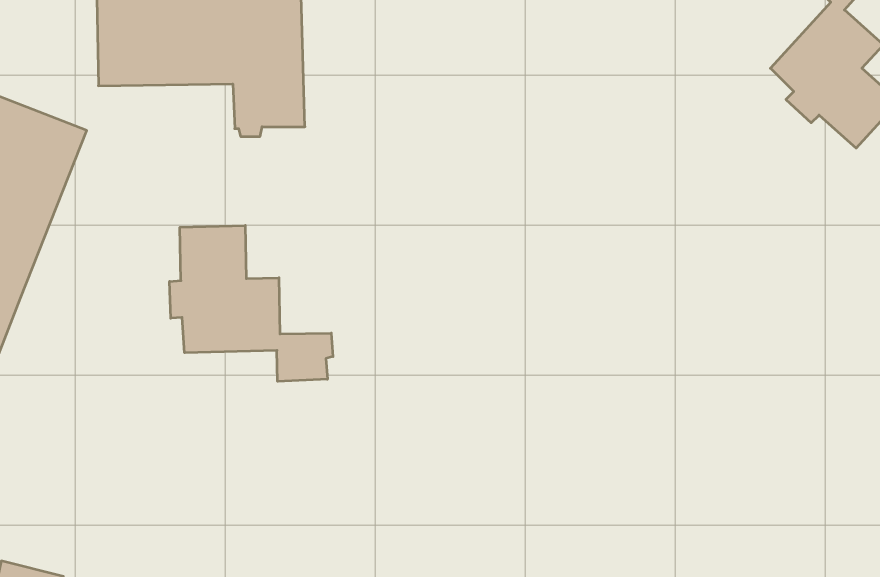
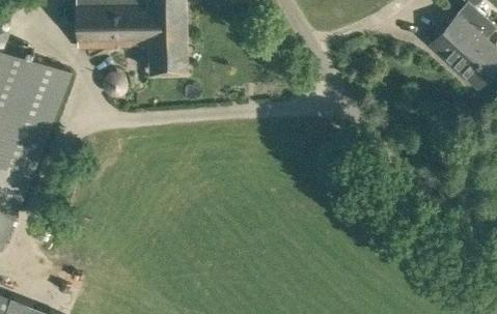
building: [170,225,333,381] -> none

